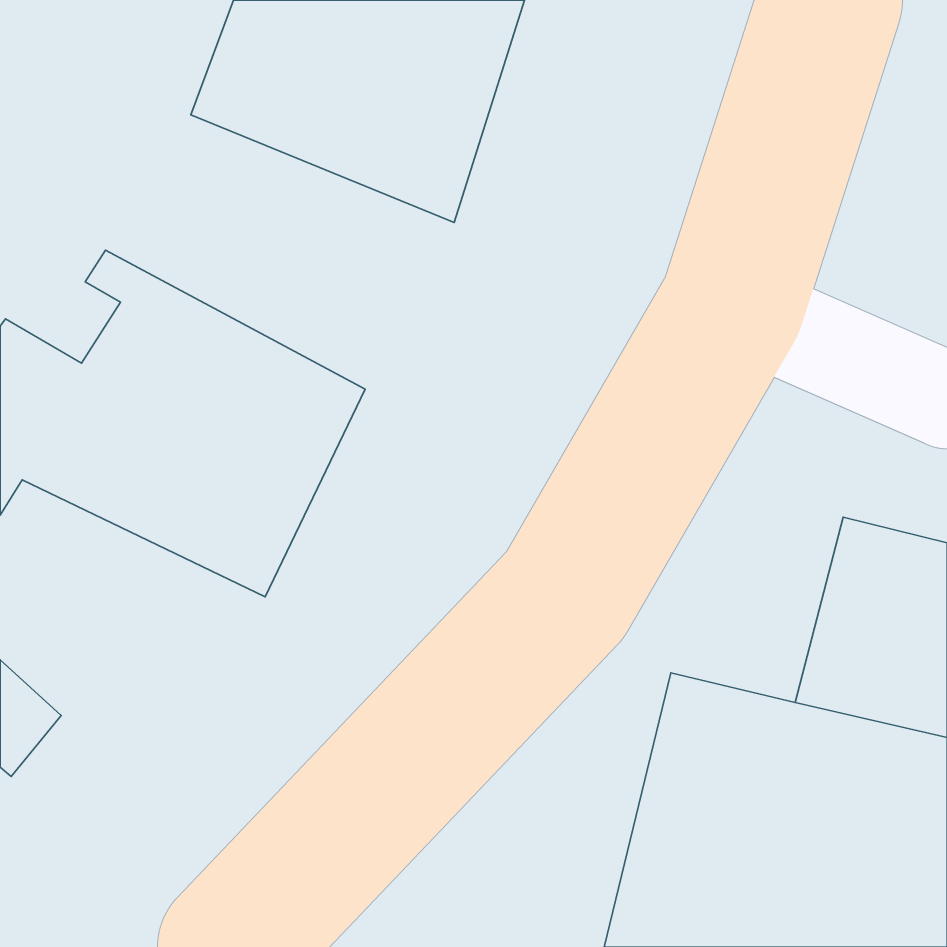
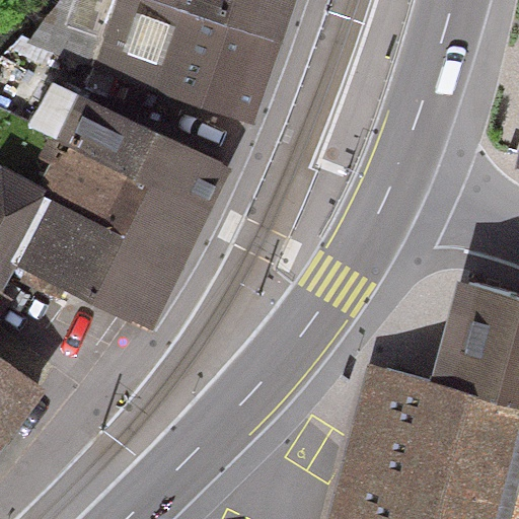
building: none -> [31,79,223,213]

